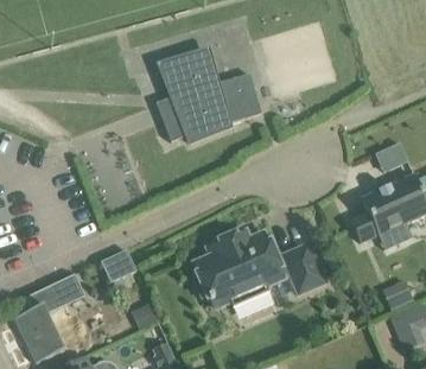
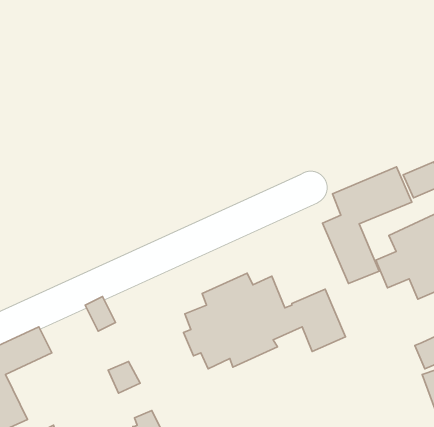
building: [155,46,261,141] -> none
building: none -> [322,167,412,284]

